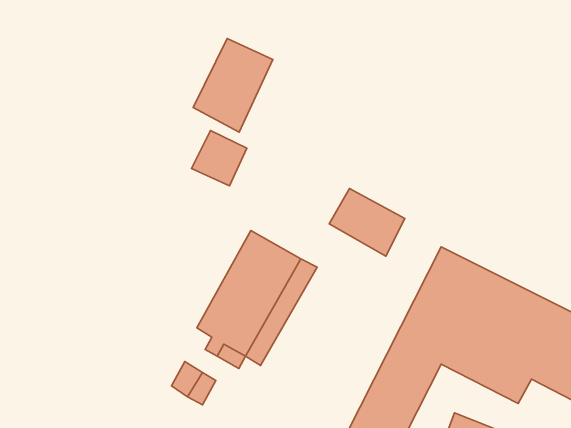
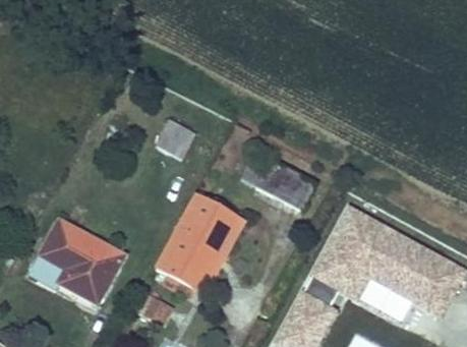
building: [193,39,273,132] -> none
building: none -> [41,221,125,303]

